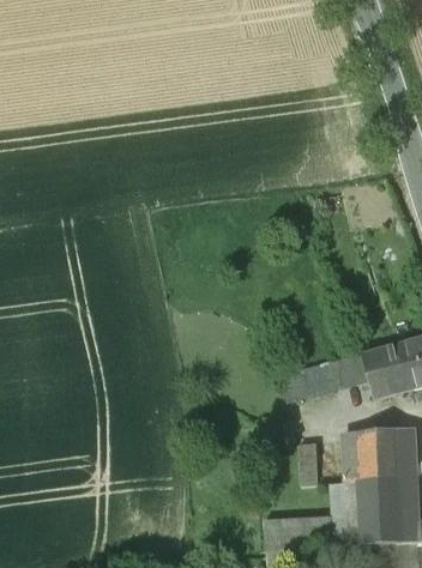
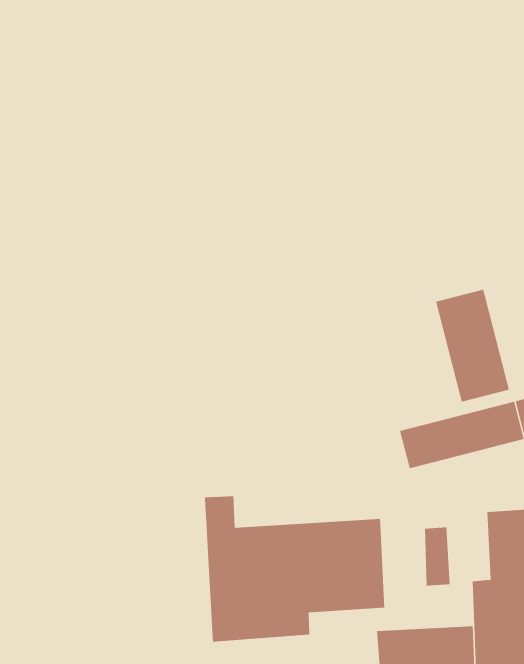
building: none -> [436,289,510,402]
building: none -> [204,495,385,642]

